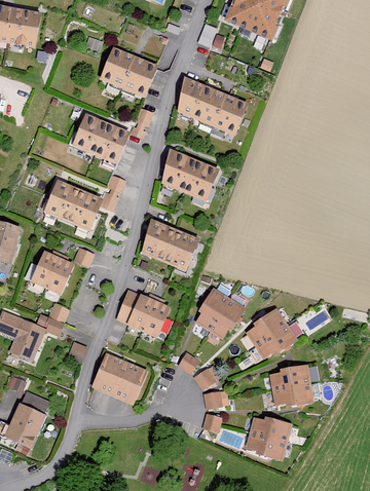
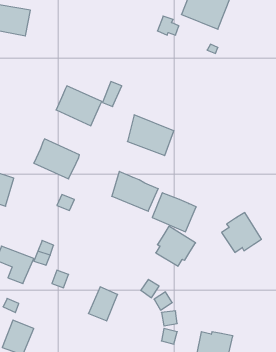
building: [100,46,157,93] -> none
building: [177,75,247,130] -> none
building: [99,174,125,211] -> none
building: [32,251,73,294] -> none
building: [115,289,170,337] -> [152,193,196,232]
building: [247,306,296,355] -> [222,213,261,252]
building: [90,351,126,393] -> none
building: [268,364,313,406] -> none

